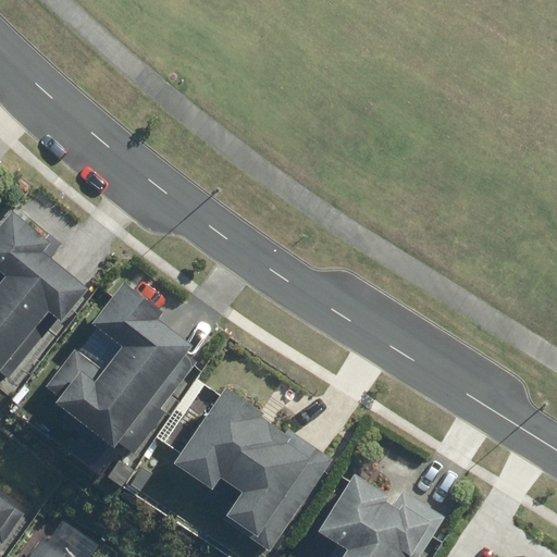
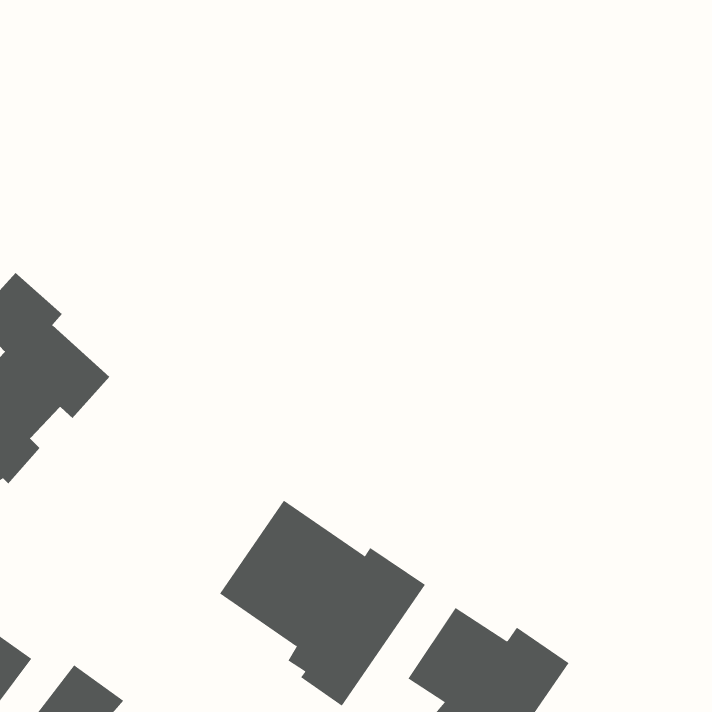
building: [41,284,195,459] -> none

